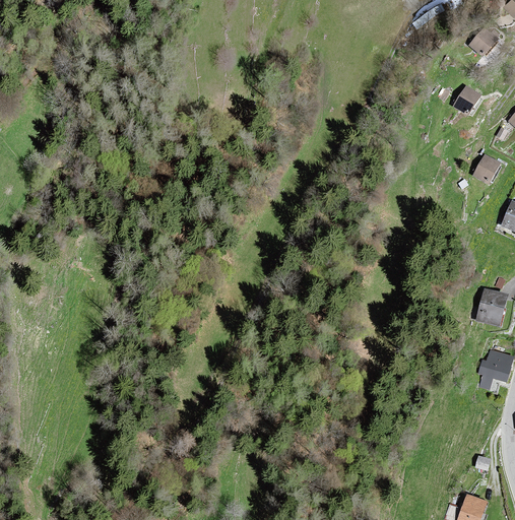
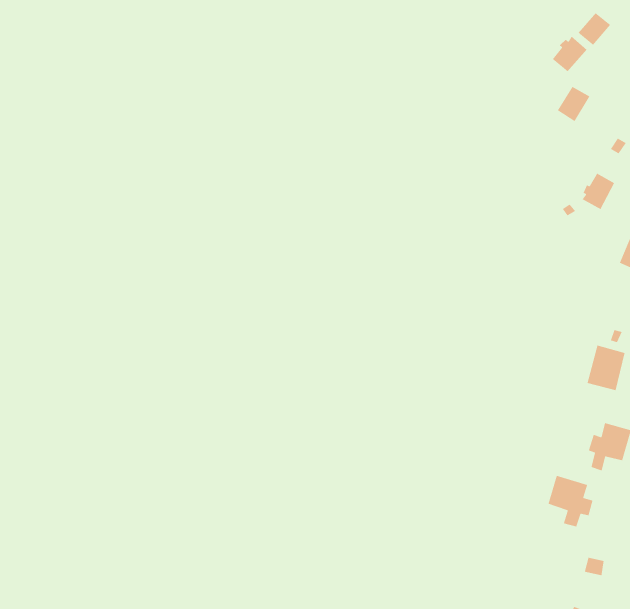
building: none -> [552,35,588,72]
building: none -> [548,475,594,528]

